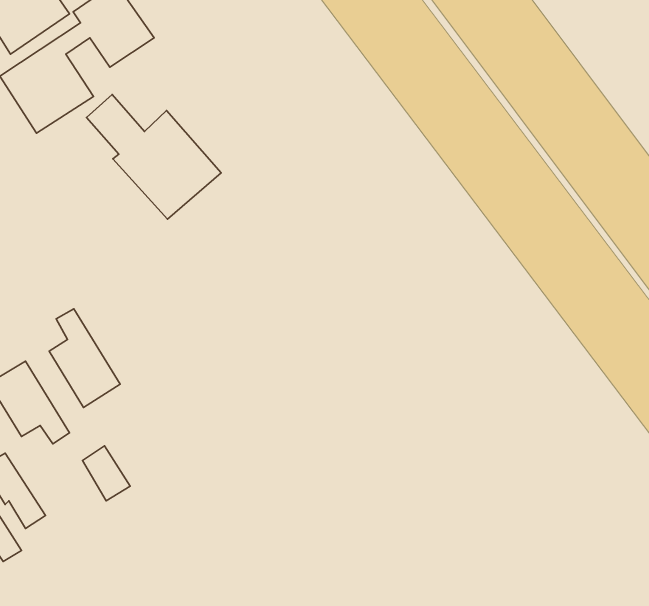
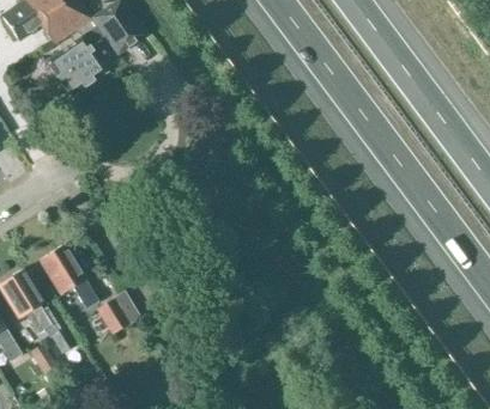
building: [86,95,221,219] -> none
building: [49,309,120,407] -> none

